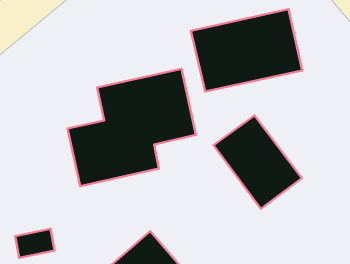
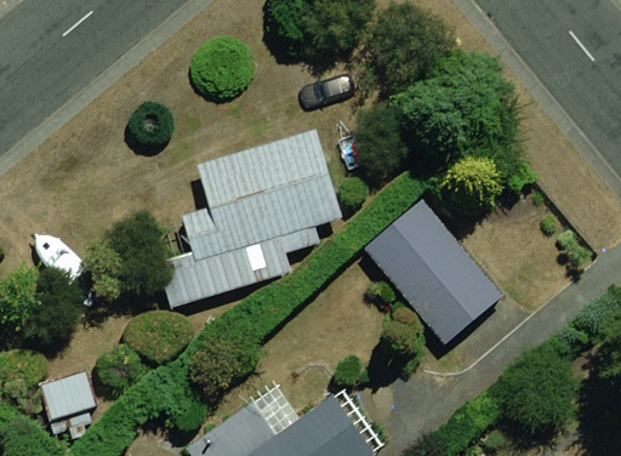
building: [191,9,302,91] -> none

